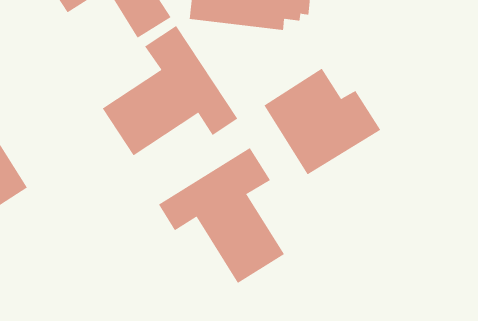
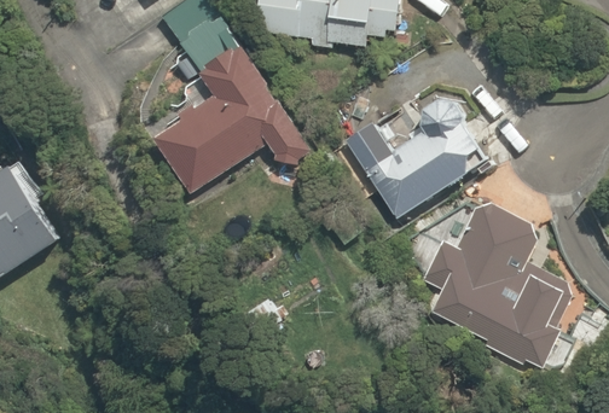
building: [158,147,285,284] -> none
building: none -> [424,198,566,368]

